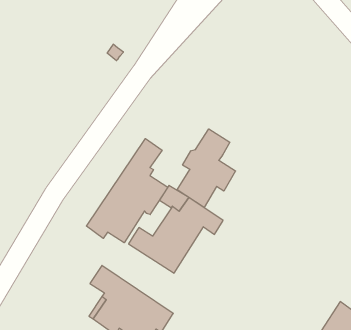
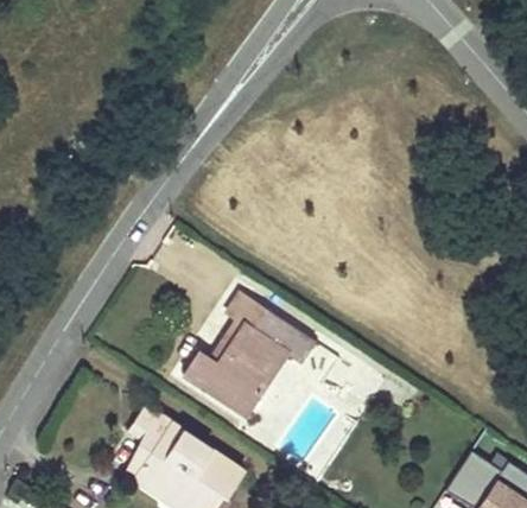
building: [177,129,236,208] -> none
building: [86,139,168,243] -> none

